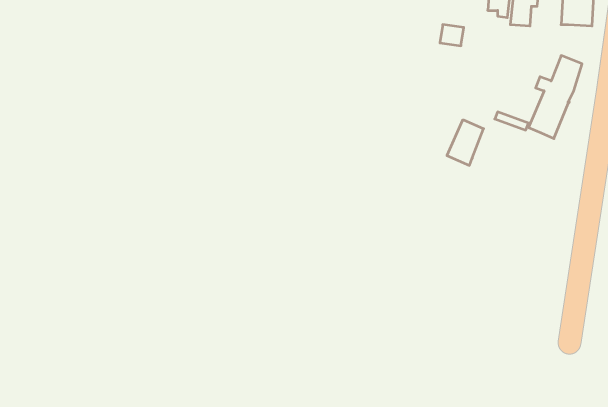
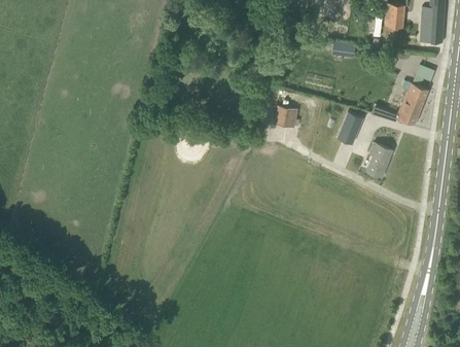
building: none -> [274,105,298,127]
building: none -> [367,142,392,176]

